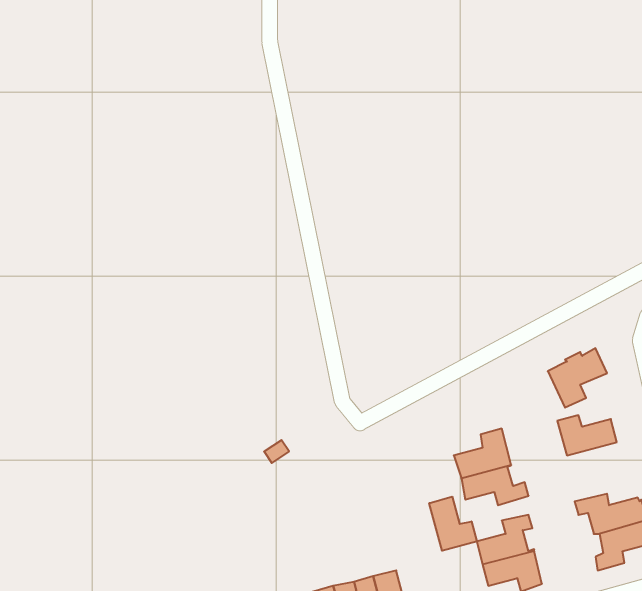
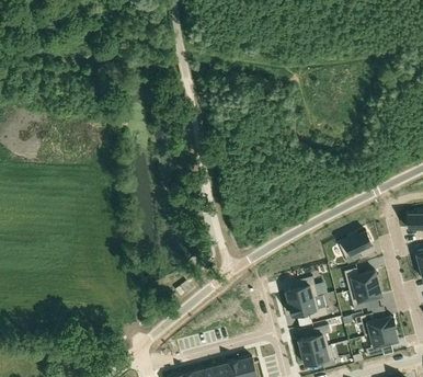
building: none -> [350,284,381,311]
building: [429,497,477,551] -> none

